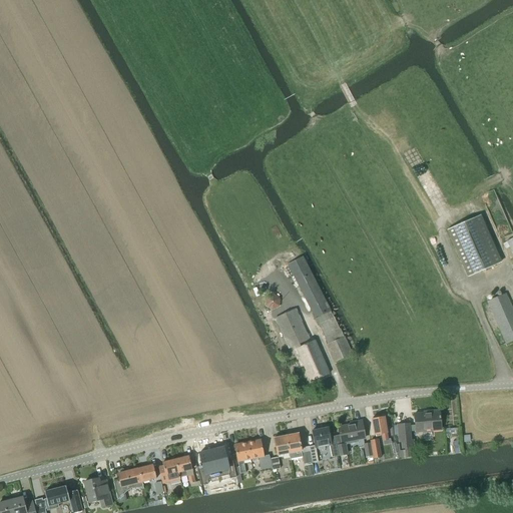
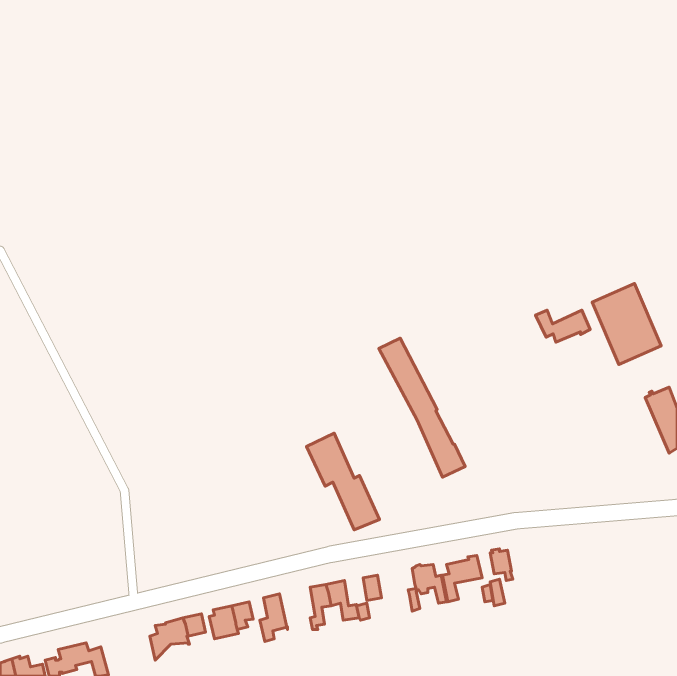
building: none -> [535,310,590,342]
building: [275,308,330,381] -> [306,433,379,530]
building: [398,410,441,448] -> none
building: [286,433,312,463] -> none
building: [211,446,236,478] -> none
building: [83,477,111,505] -> none

